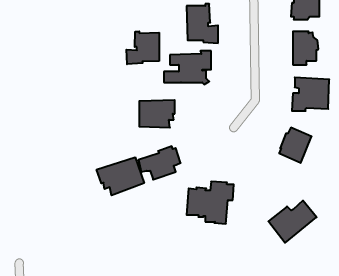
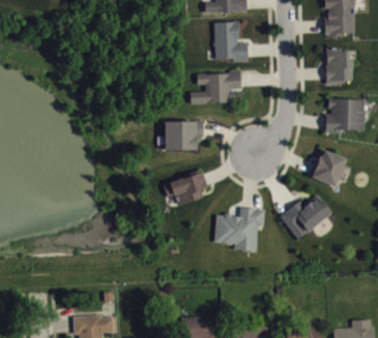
building: [126,31,159,64] -> none
building: [97,157,144,195] -> none
building: [268,201,317,243] -> [281,194,331,239]

